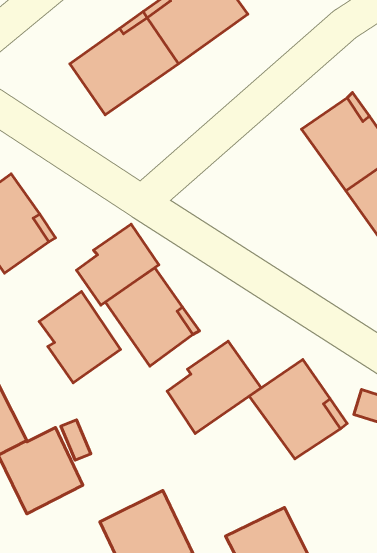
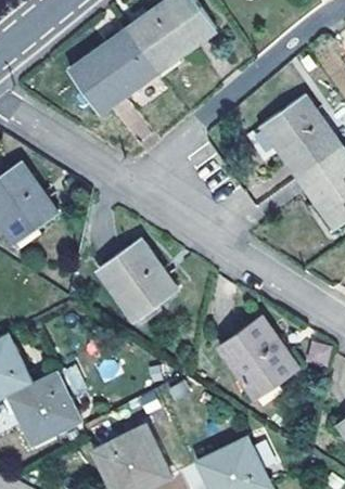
building: [76,224,159,305] -> none
building: [39,292,121,383] -> none
building: [167,341,261,434] -> none

